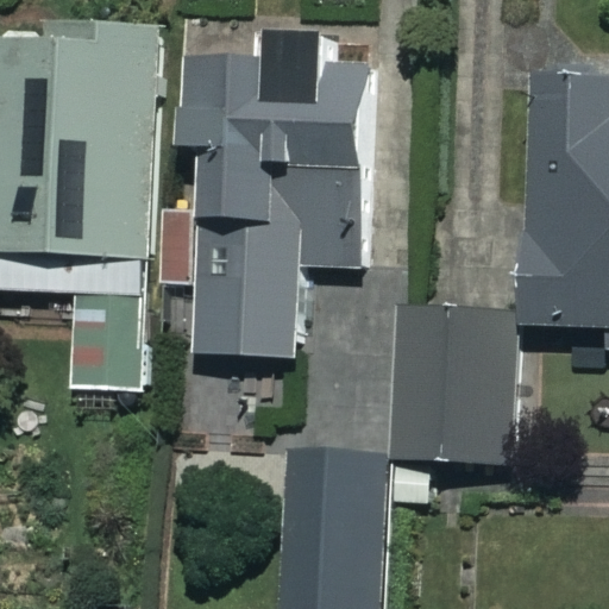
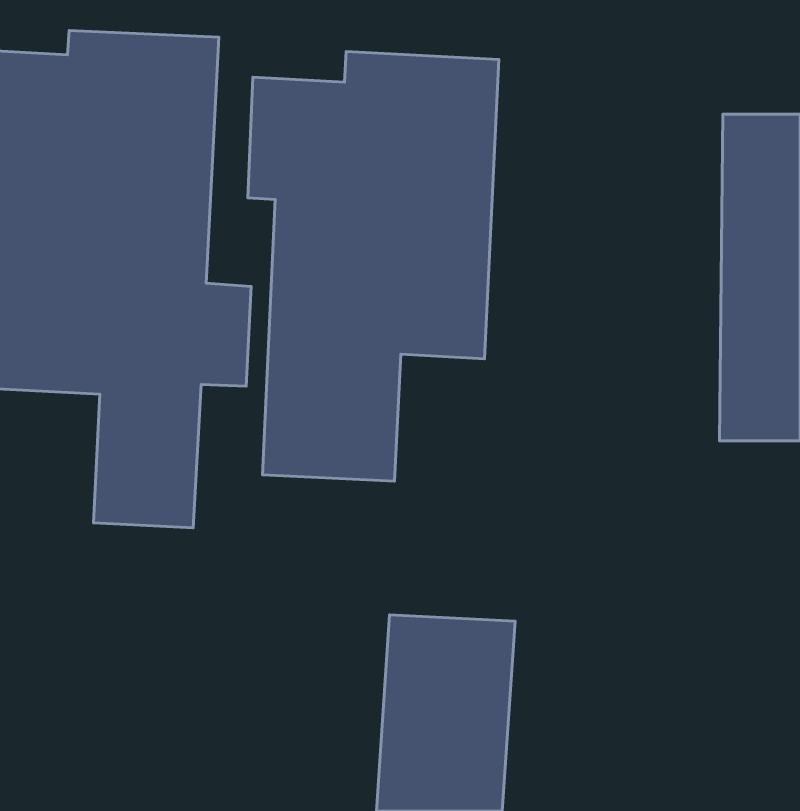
building: [390,310,509,463] -> none

